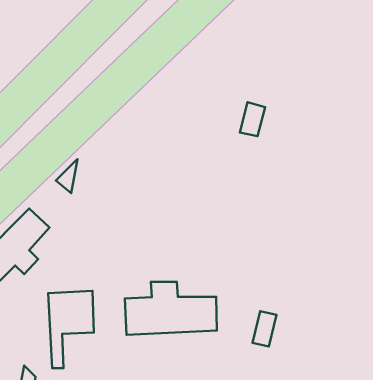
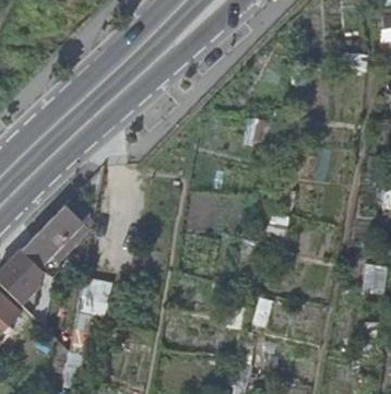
building: [125,282,217,335] -> none

